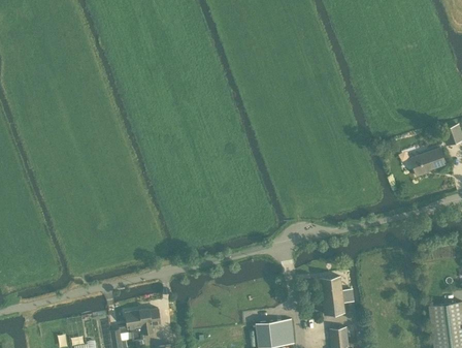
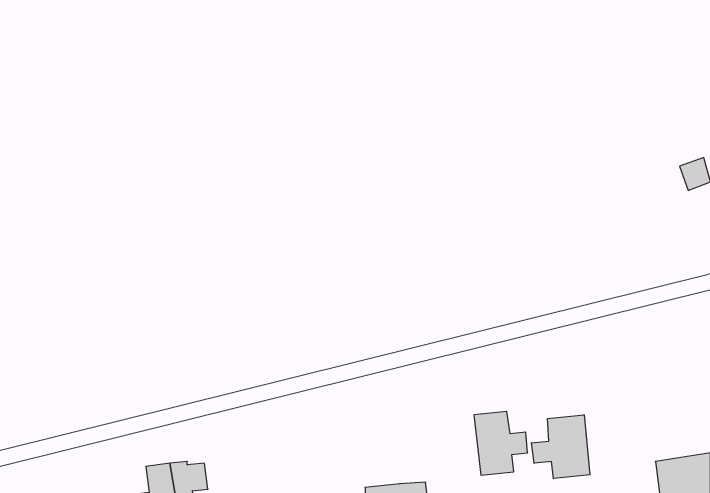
building: [409,149,444,177] -> none
building: none -> [531,415,590,479]

